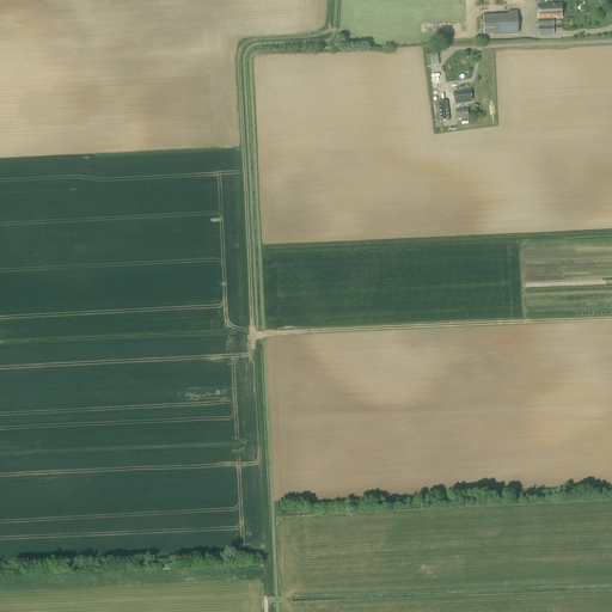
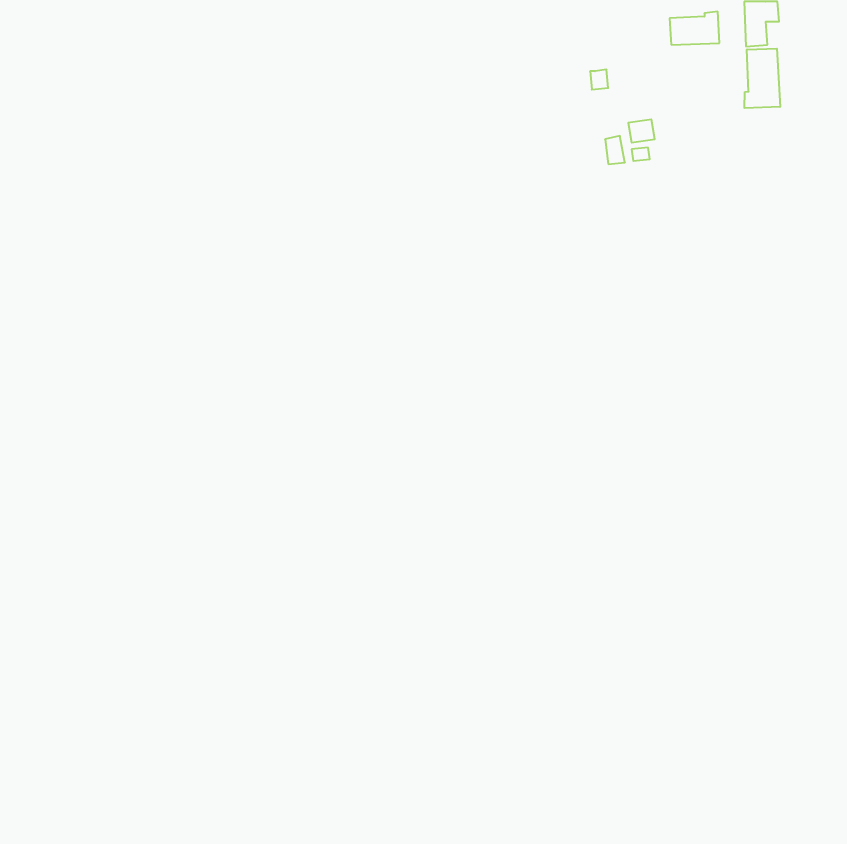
building: none -> [744,49,780,108]

